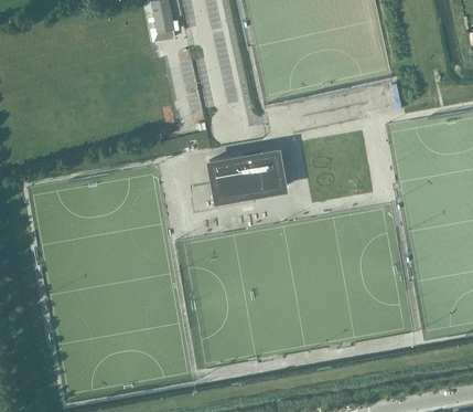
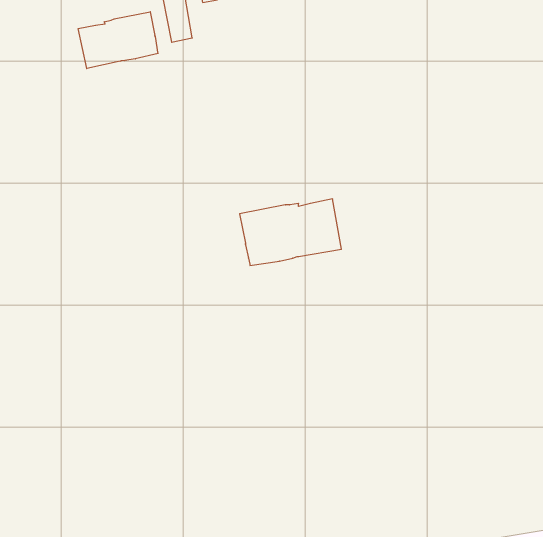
building: none -> [78,12,158,69]

